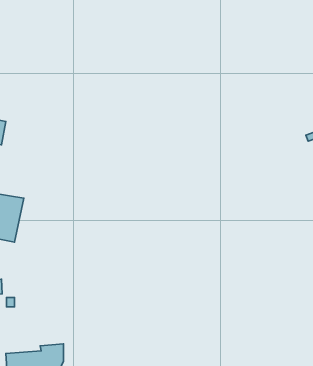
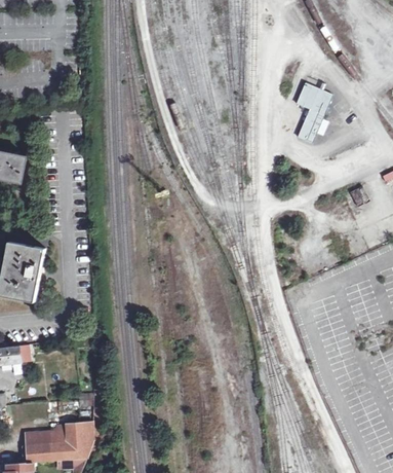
building: none -> [294,81,332,142]

